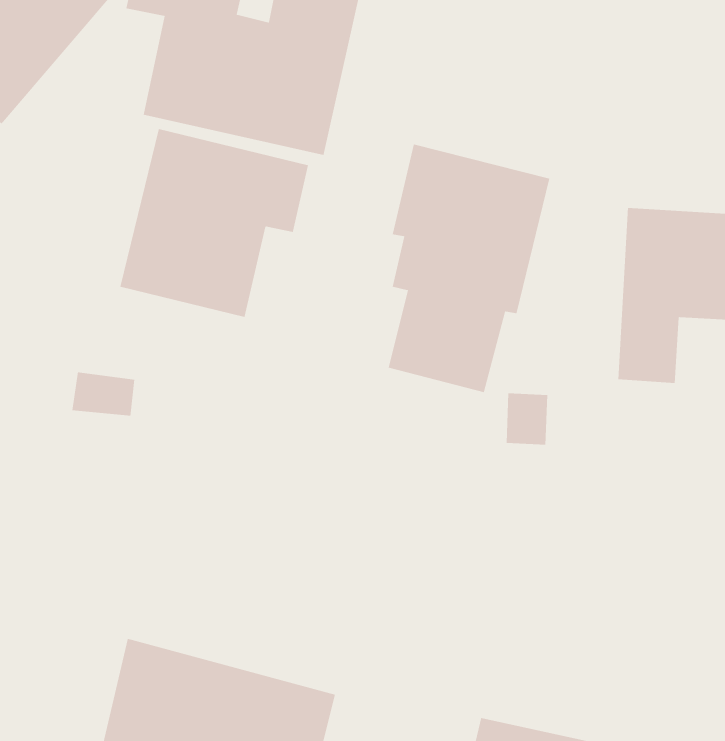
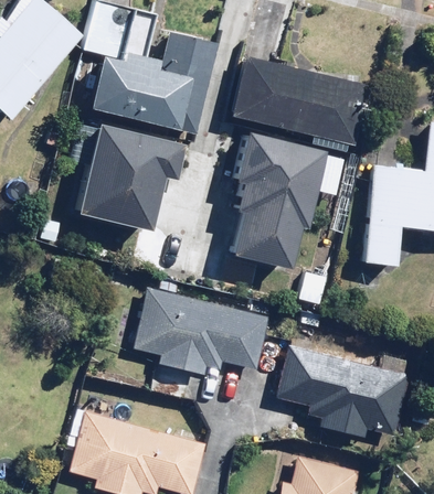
building: none -> [230,54,373,146]
building: none -> [133,287,271,378]
building: none -> [276,348,414,440]

